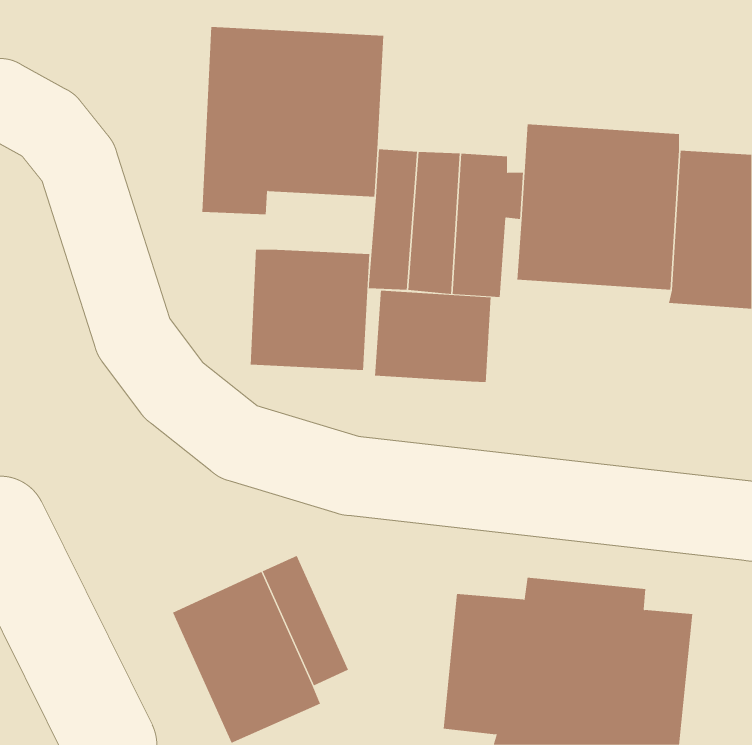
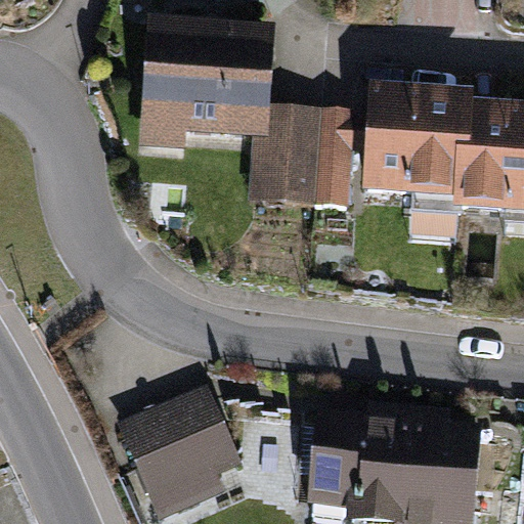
building: [250,249,370,371] -> none
building: [375,290,491,383] -> none

